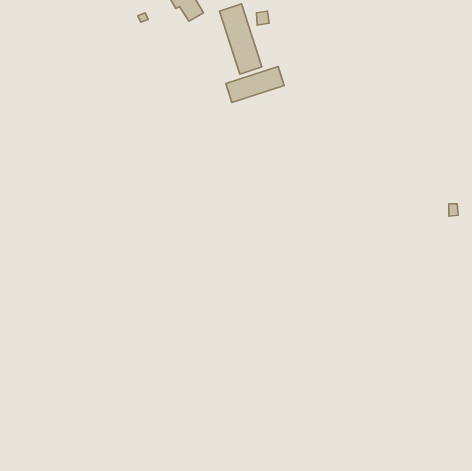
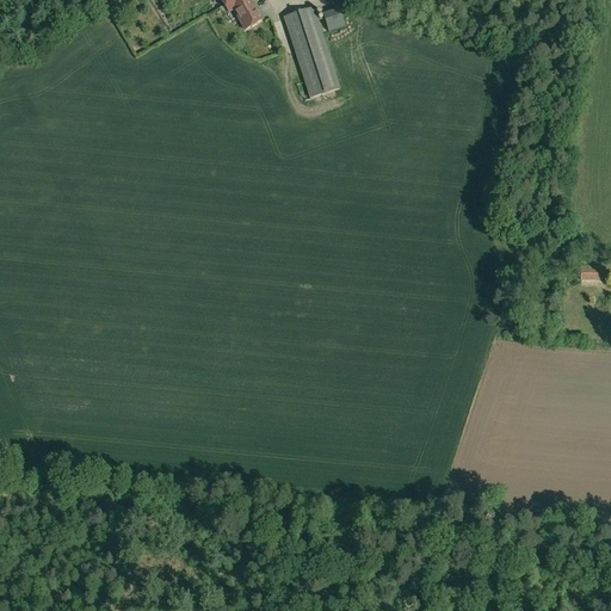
building: [226,67,284,102] -> none

